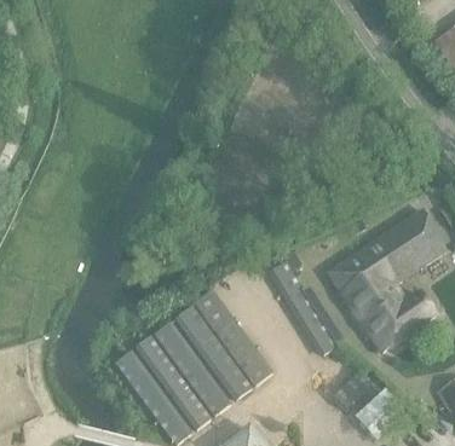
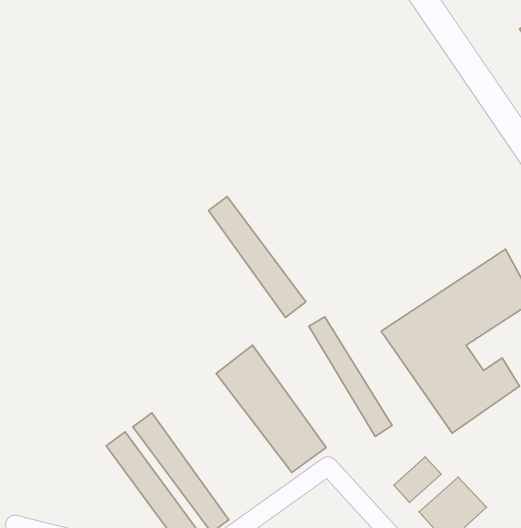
building: [175,305,250,398] -> [208,196,306,318]
building: [154,319,230,413] -> none

